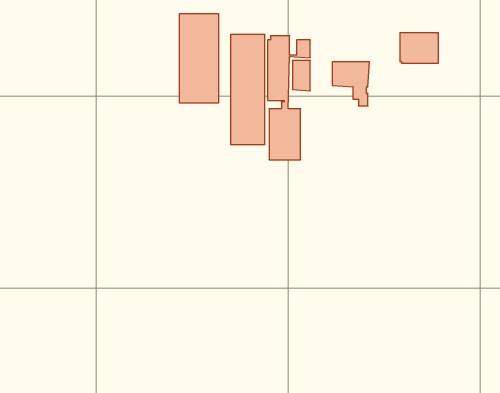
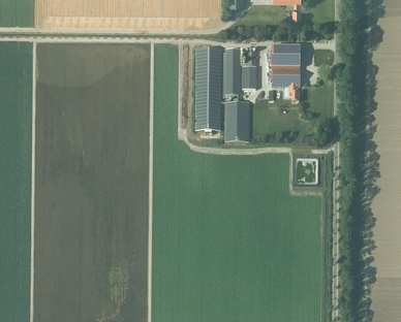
building: [180,14,218,103] -> none
building: [400,33,438,63] -> [271,45,300,68]

